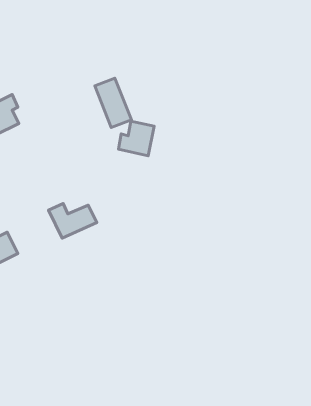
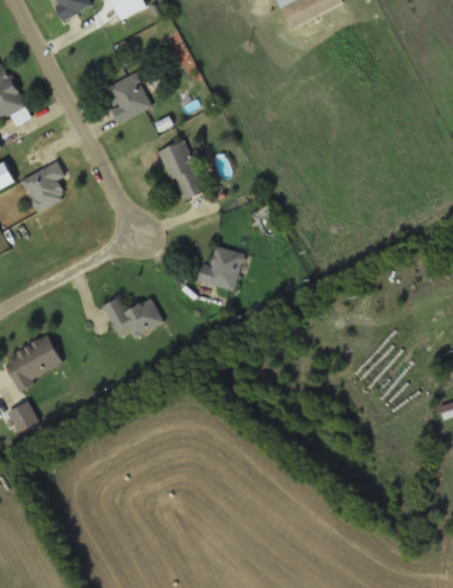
building: none -> [103,73,152,123]
building: [118,121,154,156] -> [198,247,243,290]

